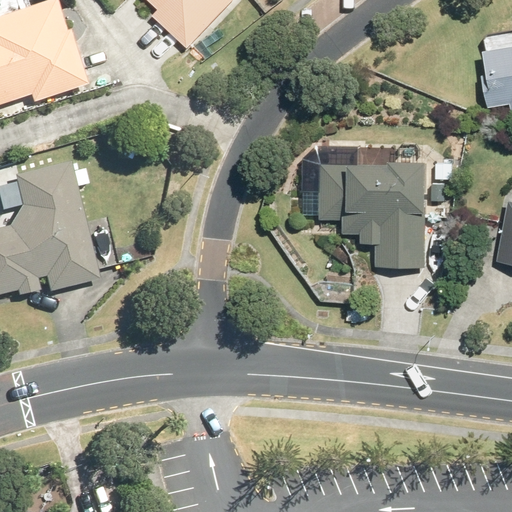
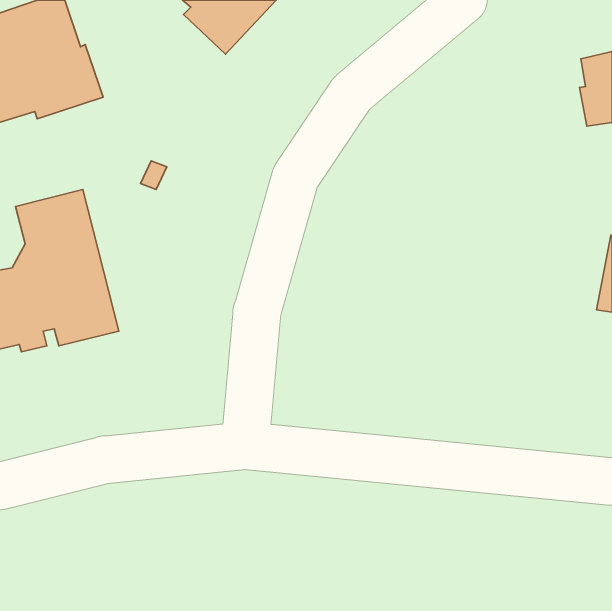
building: [320,159,426,267] -> none

